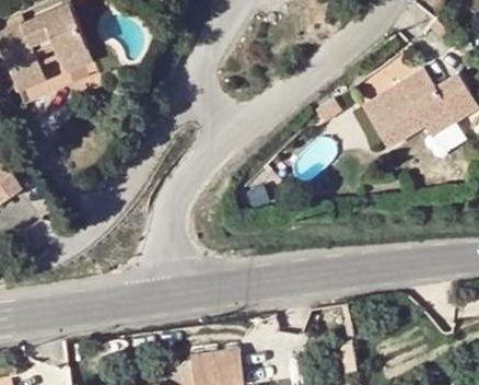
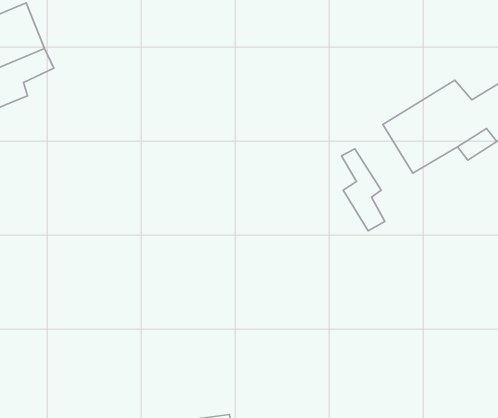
building: none -> [341,149,385,231]

